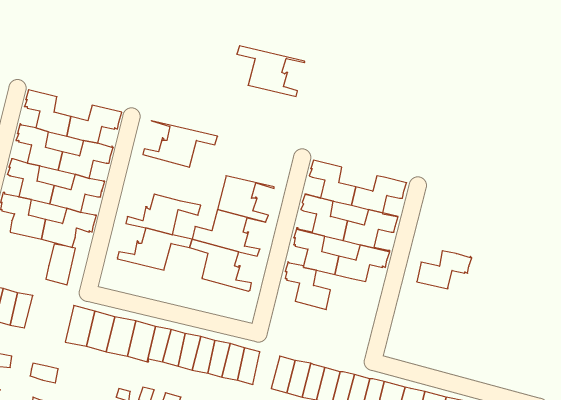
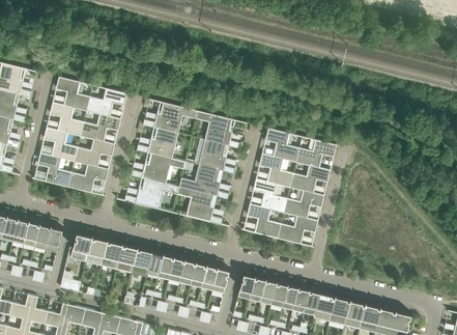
building: [237,46,305,96] -> [195,111,245,148]
building: none -> [136,124,176,159]
building: [46,244,75,285] -> [69,232,91,262]
building: [417,251,472,289] -> [277,216,317,244]

